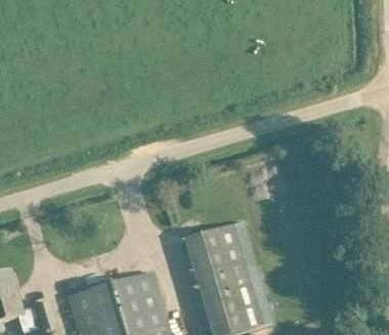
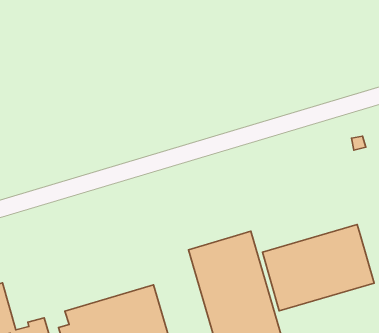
building: none -> [262,224,374,311]

